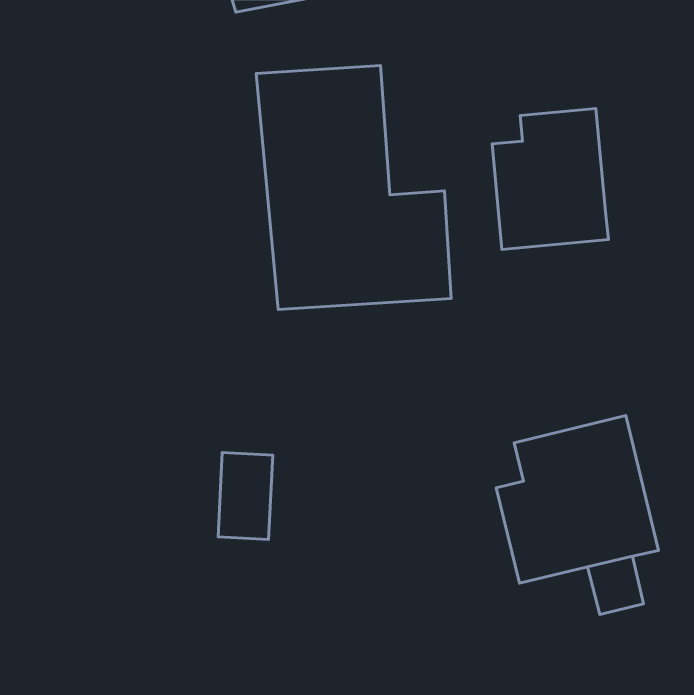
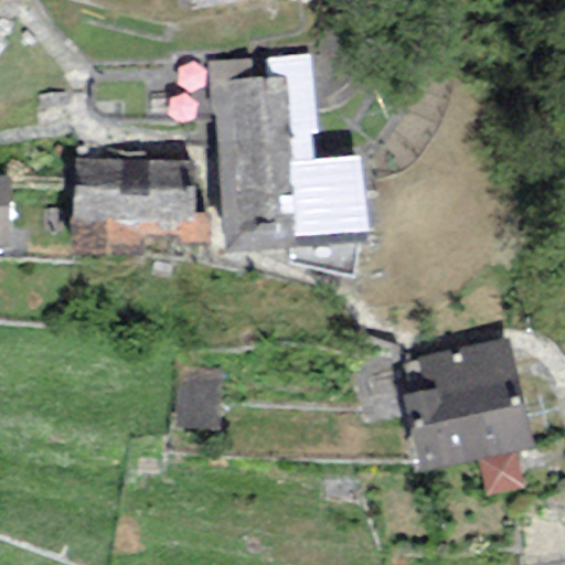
building: [492,109,609,249] -> none
building: none -> [74,157,195,224]

